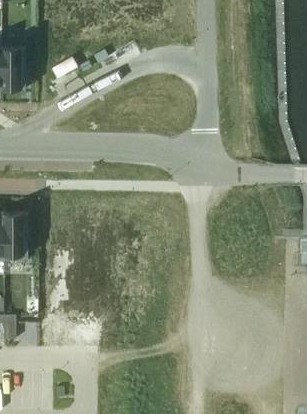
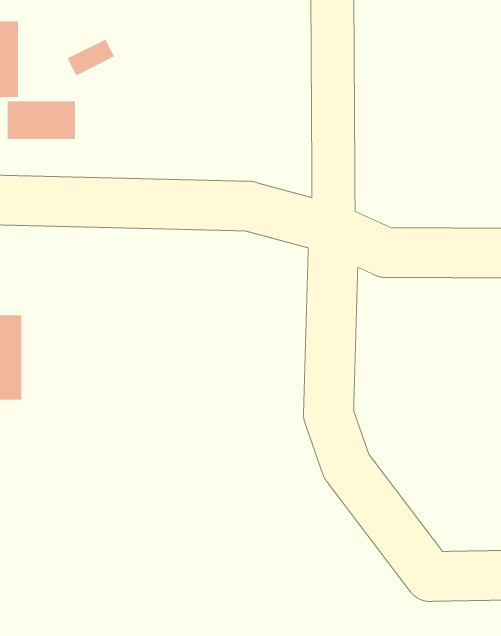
building: none -> [7,100,75,140]

